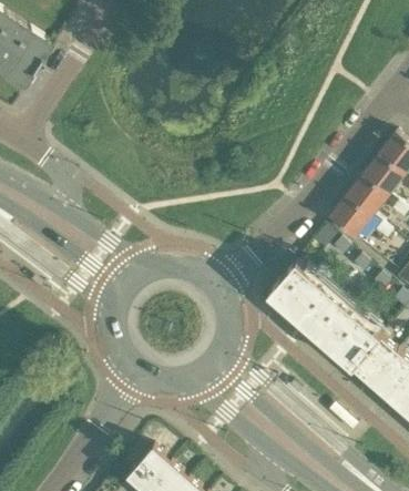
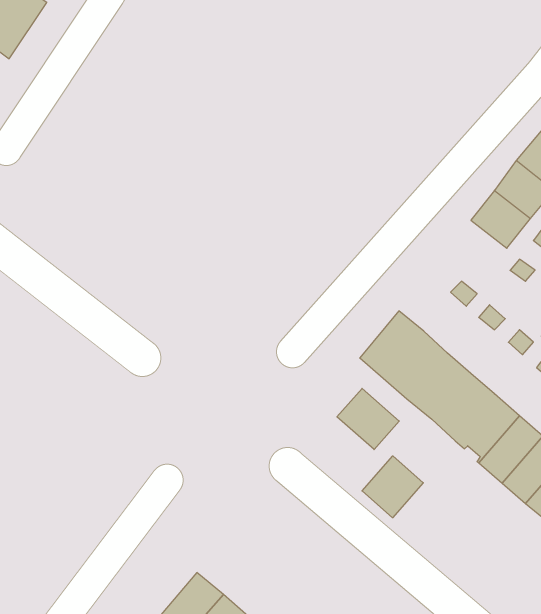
building: [328,196,371,238] -> none
building: none -> [337,388,399,450]
building: none -> [362,456,423,518]

